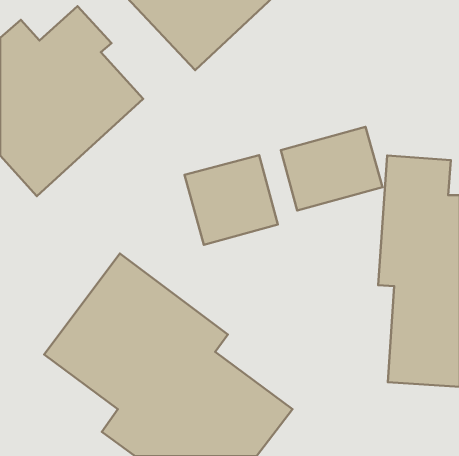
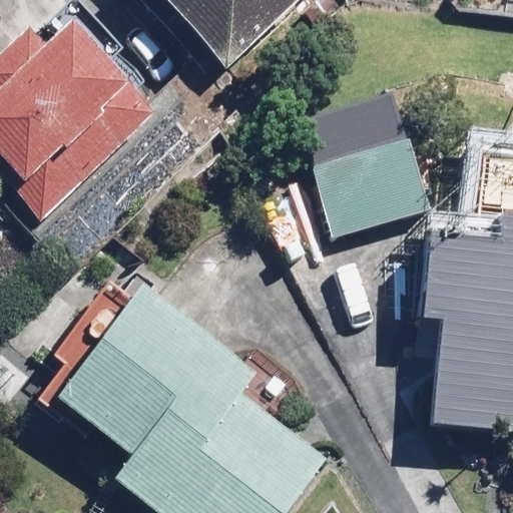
building: [185,155,278,245] -> none

